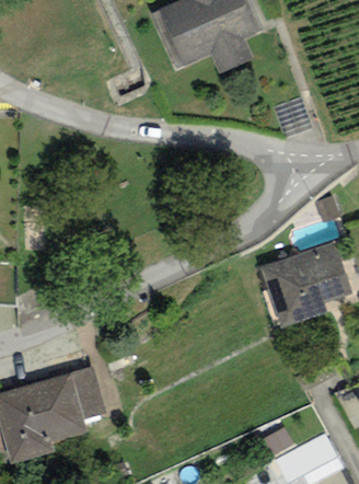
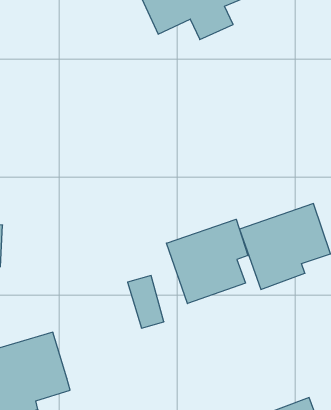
building: none -> [166,219,248,304]
building: [69,366,106,419] -> [128,276,164,328]

